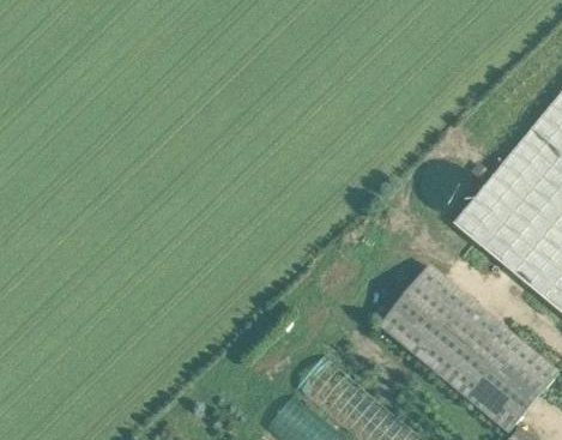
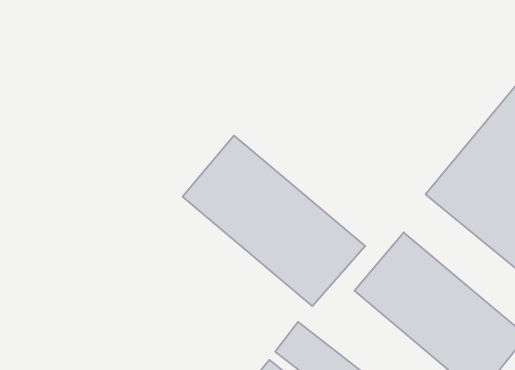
building: none -> [183,136,365,306]

